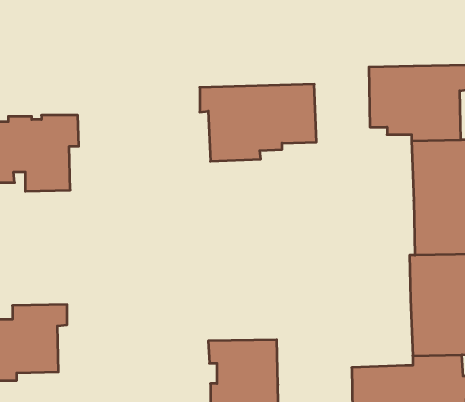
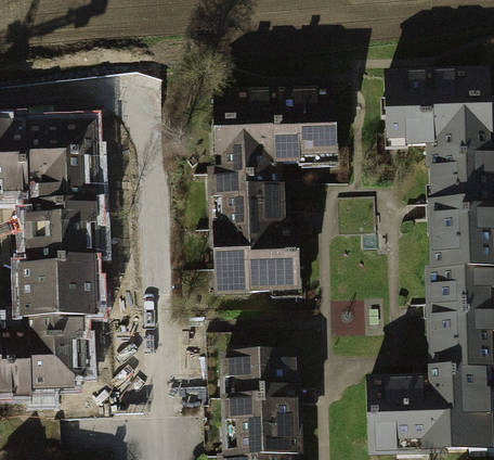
building: none -> [214,170,299,293]
building: none -> [24,202,98,319]

